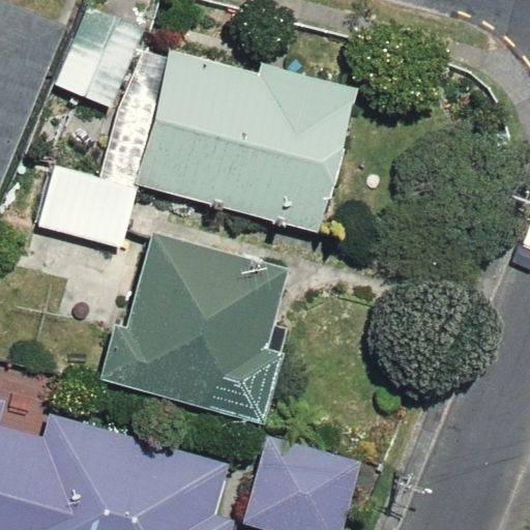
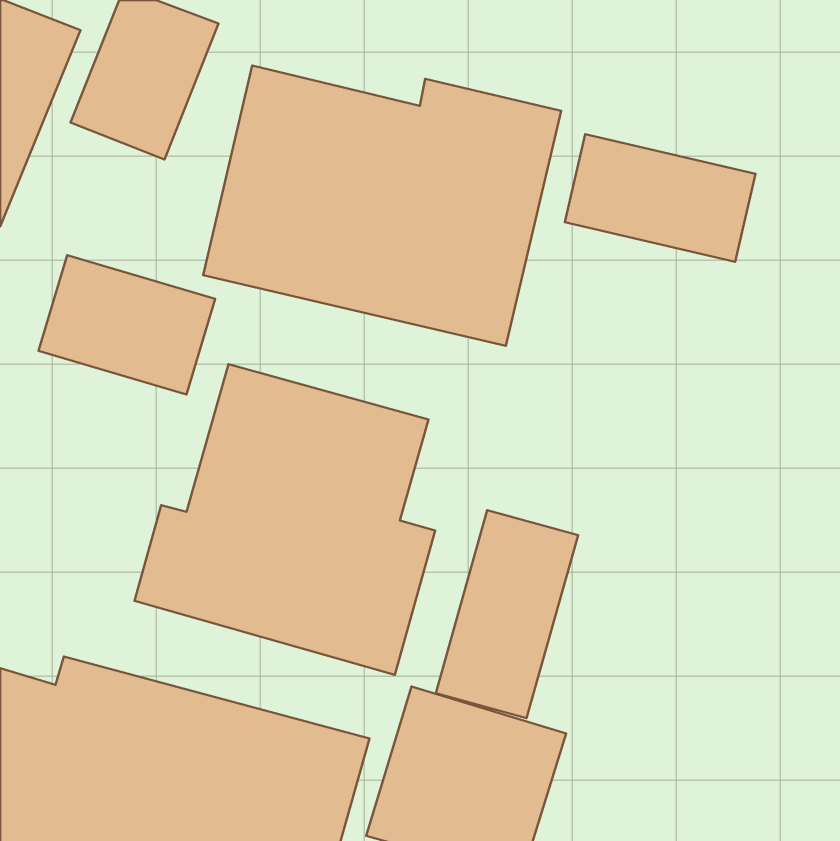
building: none -> [565,134,755,262]
building: none -> [436,510,578,718]

